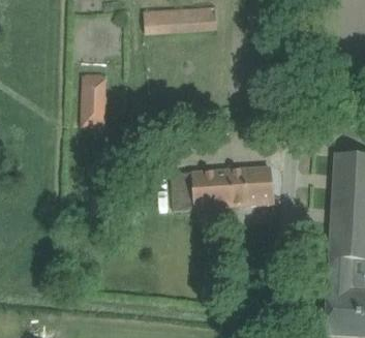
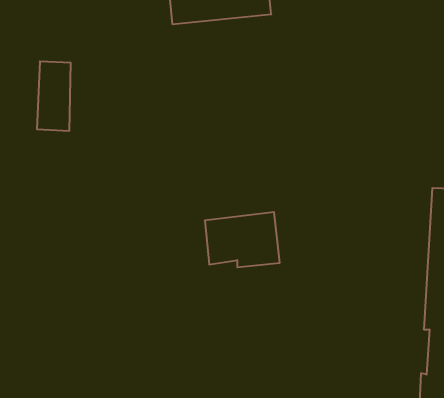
building: [79,75,103,126] -> [37,61,71,131]
building: [220,165,274,208] -> none

